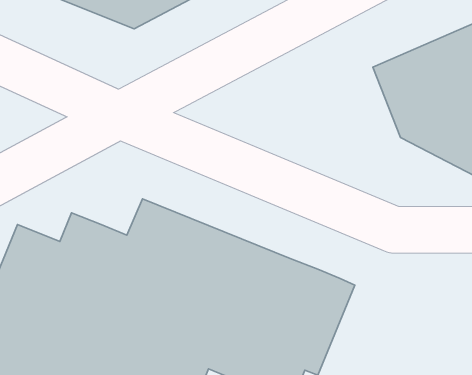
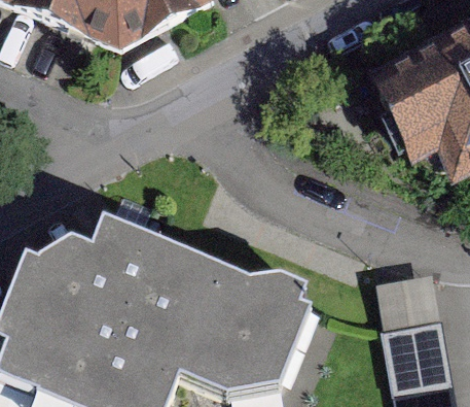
building: none -> [375,264,438,371]

